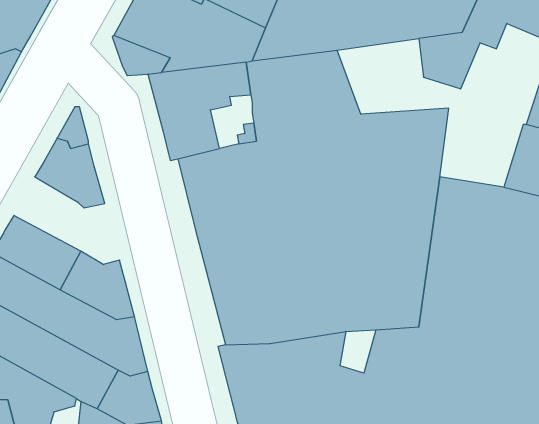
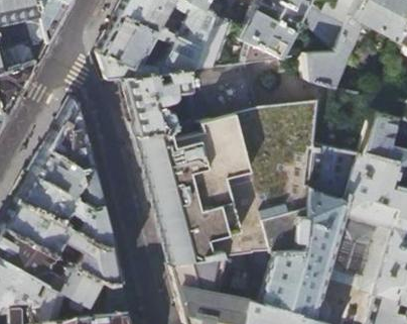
building: none -> [29,146,101,206]

